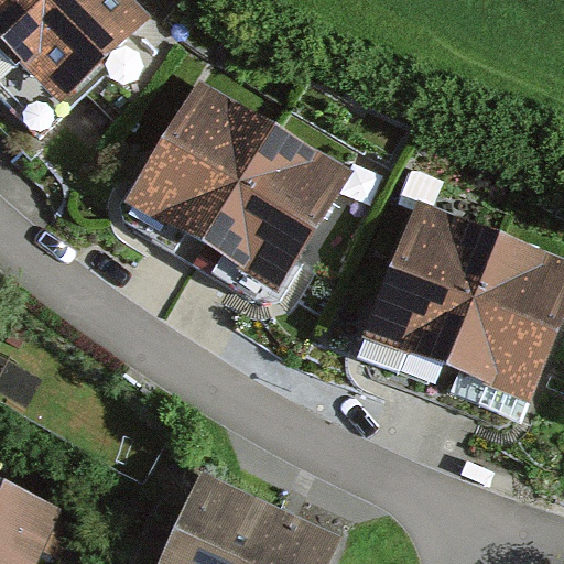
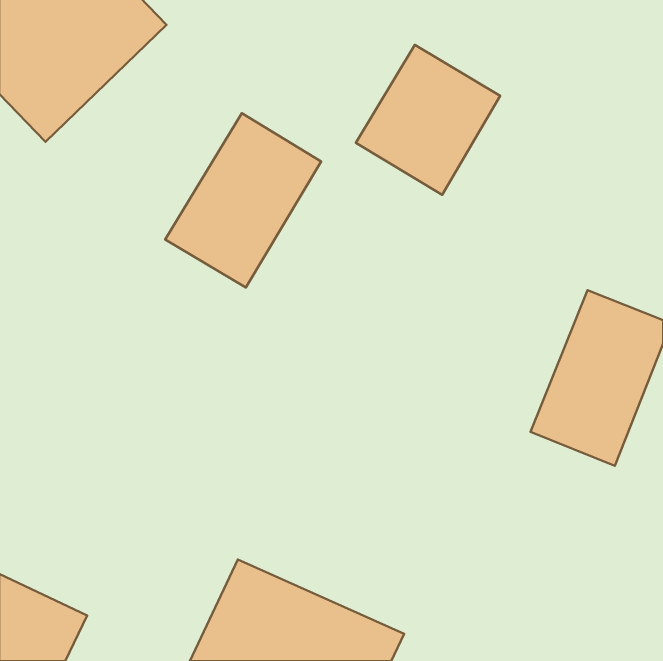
building: none -> [356,45,500,195]
building: [208,137,340,284] -> none
building: [377,217,498,366] -> none

